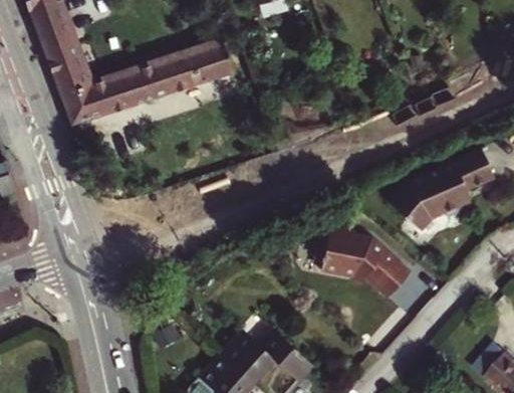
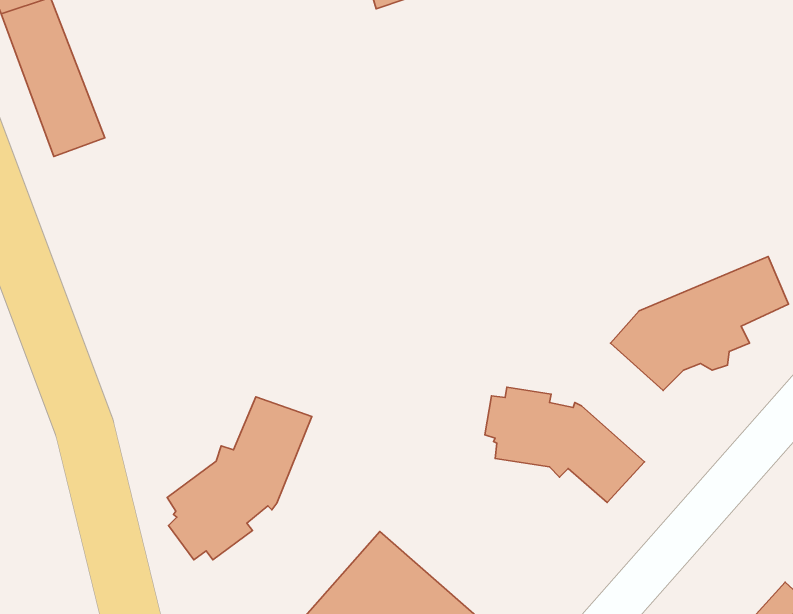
building: [62,39,236,124] -> none
building: none -> [167,397,312,560]

